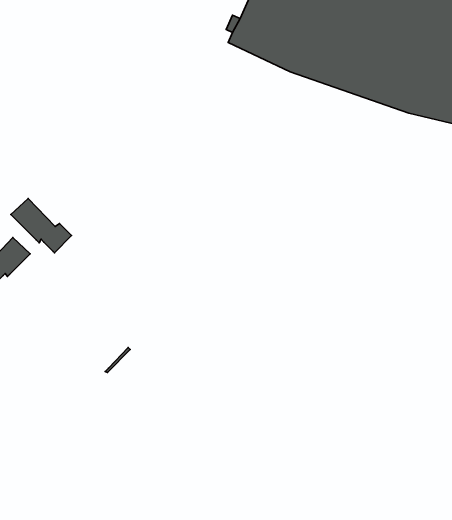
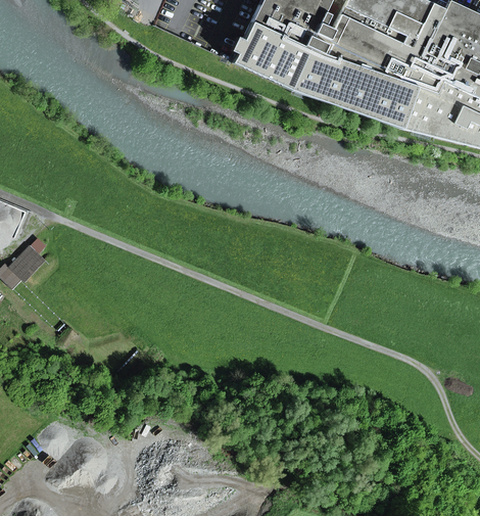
building: [11,198,72,253] -> none

